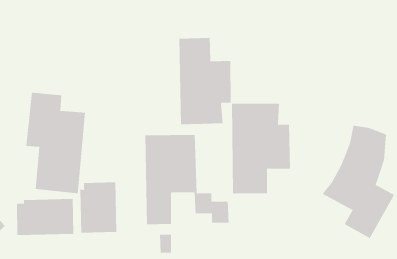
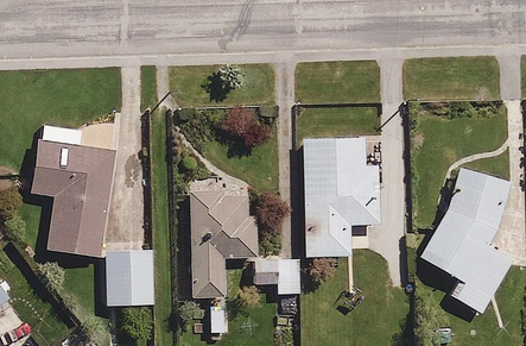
building: [179,37,231,125] -> none
building: [16,198,74,236] -> none

